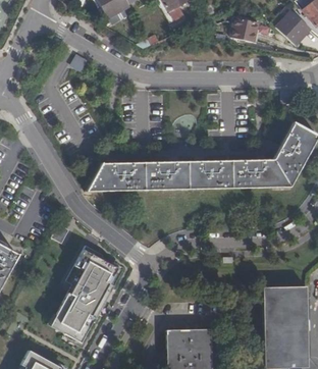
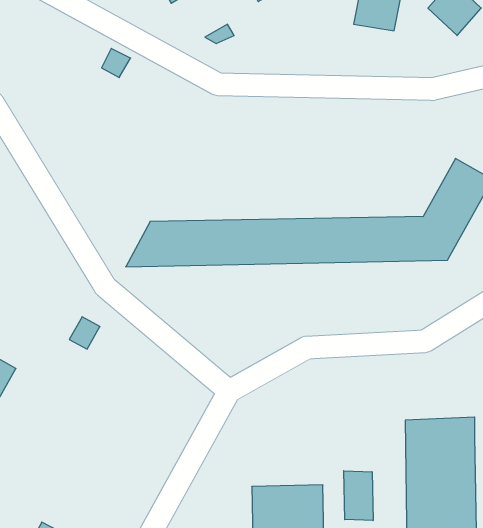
building: [52,244,118,339] -> none
building: none -> [344,471,373,521]

